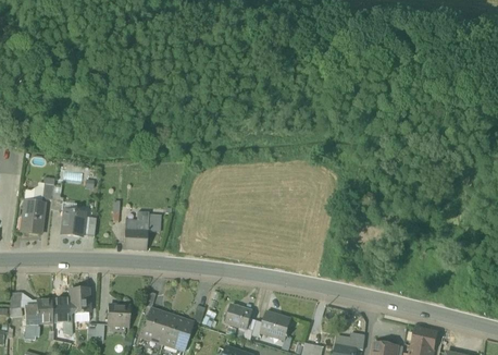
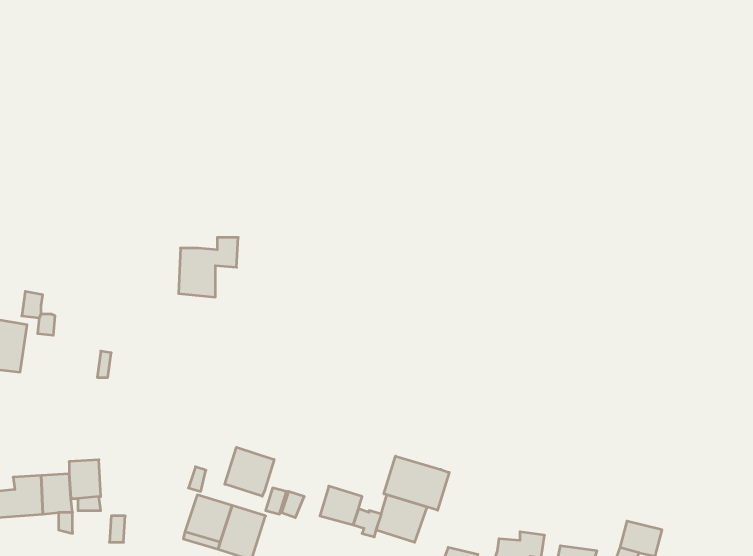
building: [61,209,85,235] -> none
building: [124,212,161,249] -> [179,237,238,297]
building: none -> [225,447,274,496]
building: none -> [384,456,449,510]
building: [108,305,130,325] -> none

